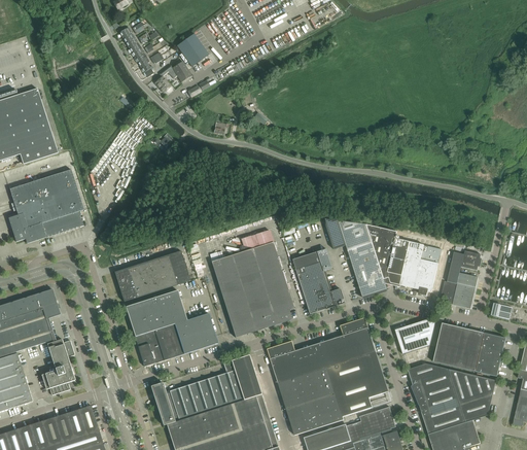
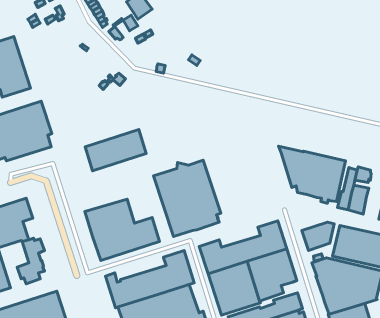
building: [323,218,386,297] -> none
building: [291,248,343,314] -> none
building: [113,250,189,302] -> [85,130,146,171]

